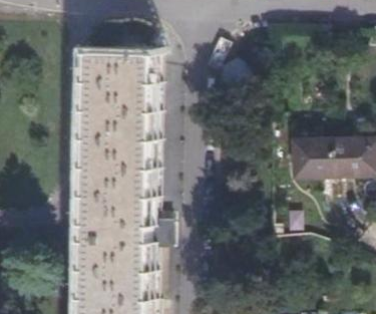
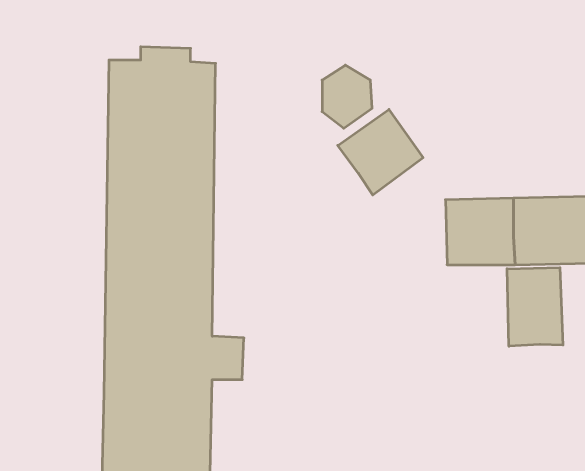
building: none -> [338,109,423,195]
building: none -> [507,268,563,346]

